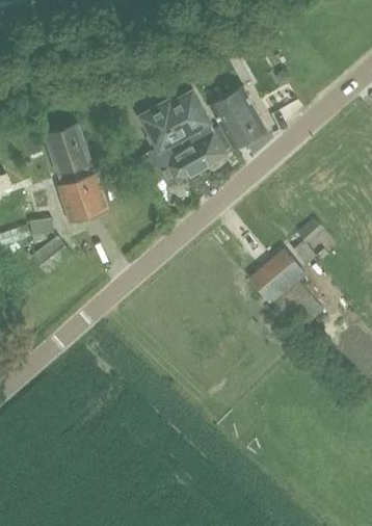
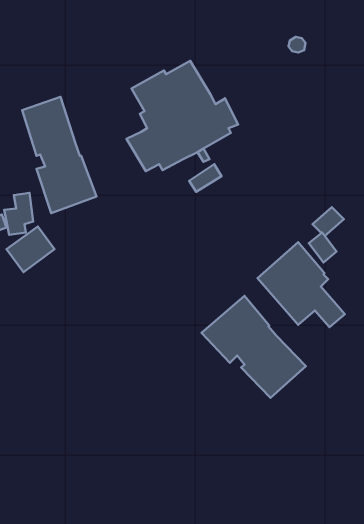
building: [208,86,265,149] -> none
building: none -> [201,296,306,398]

